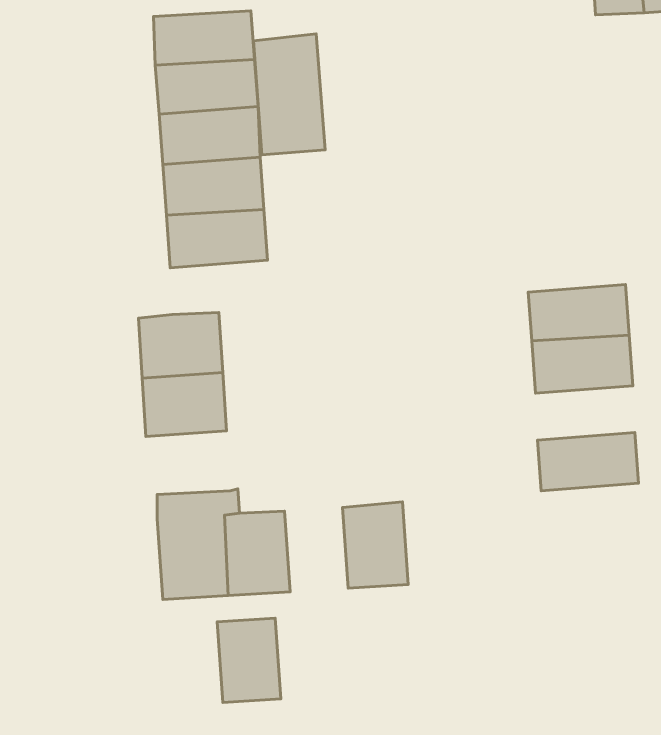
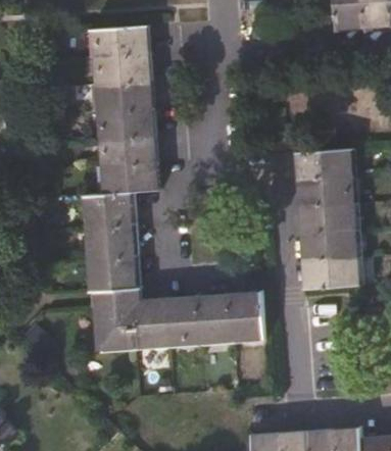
building: [253,34,325,155] -> none
building: none -> [296,150,351,181]
building: none -> [103,163,157,193]
building: none -> [302,232,356,261]
building: none -> [90,256,136,291]
building: none -> [230,293,264,340]
building: [217,618,281,703] -> [165,298,200,344]

